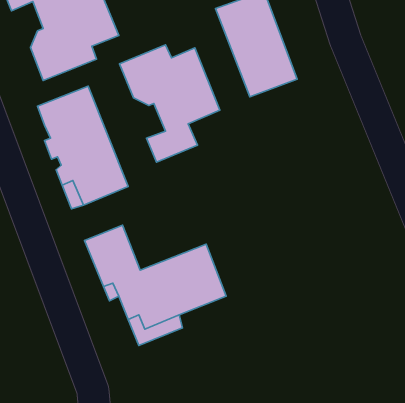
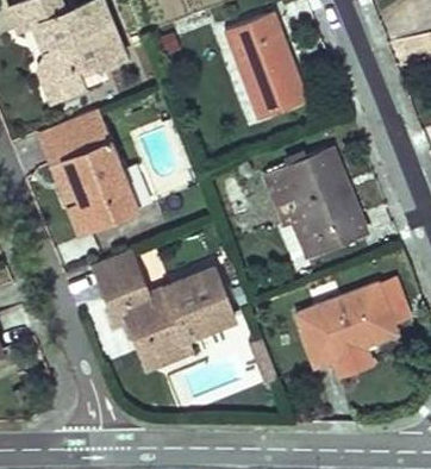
building: [119,45,220,162] -> none
building: none -> [264,149,362,258]
building: none -> [296,283,398,365]

